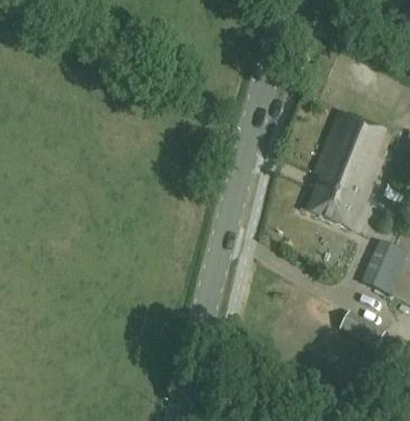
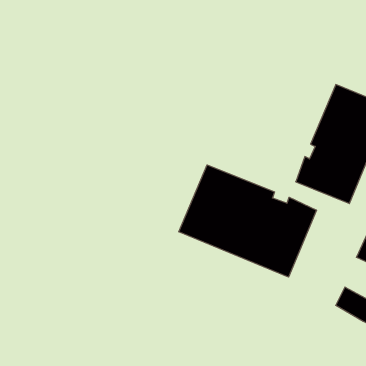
building: none -> [179,165,316,277]

